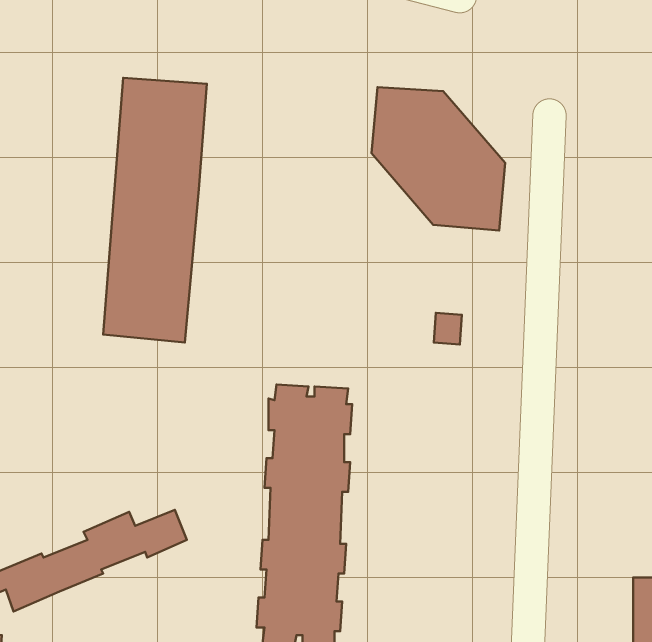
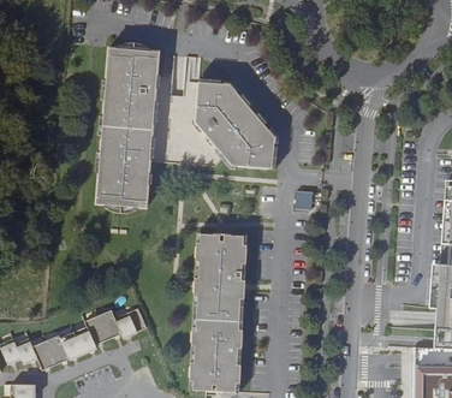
building: [372,87,505,231] -> [195,82,275,168]

